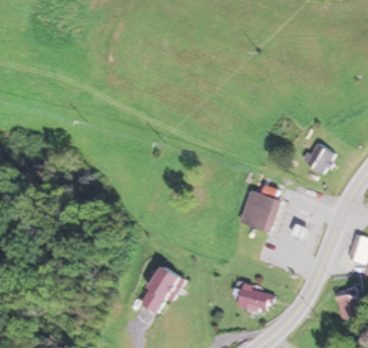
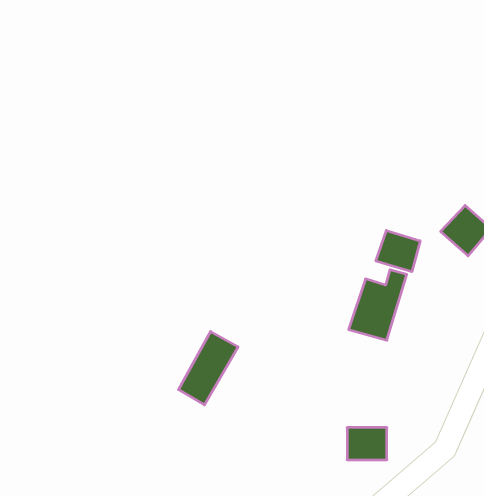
building: none -> [376,230,420,272]
building: [142,266,181,315] -> [178,331,238,405]

